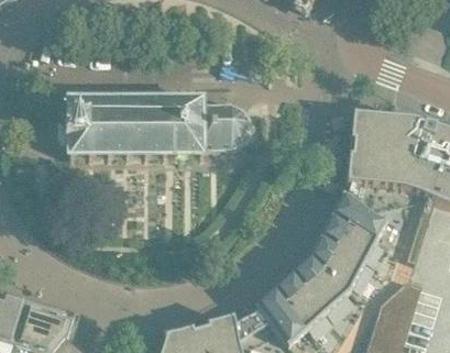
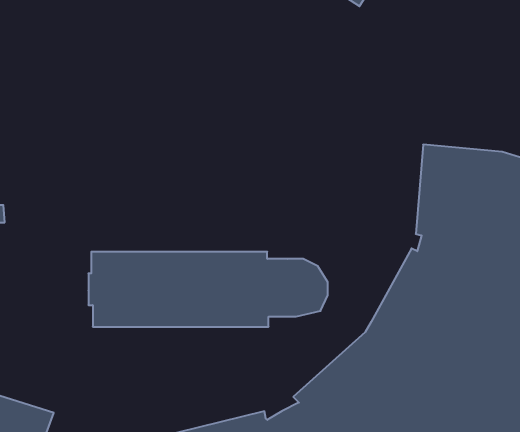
building: [66,96,249,153] -> [88,252,328,327]

